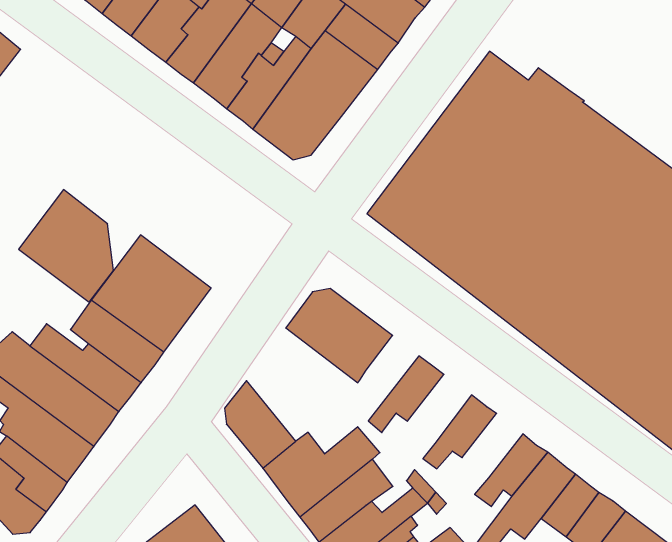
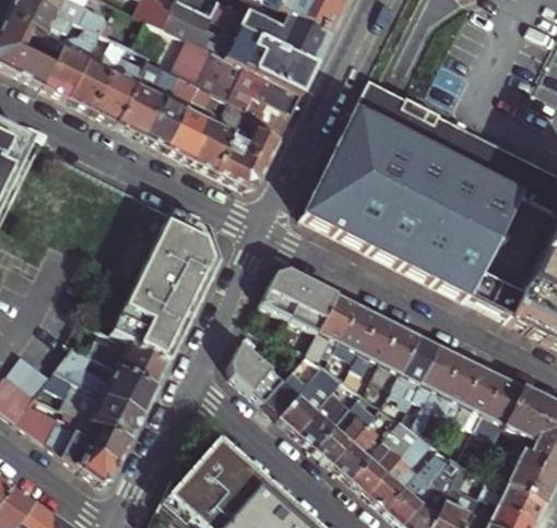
building: [19,190,114,302] -> [147,211,216,286]
building: none -> [307,297,356,361]
building: none -> [348,317,398,376]
building: none -> [391,338,438,394]

